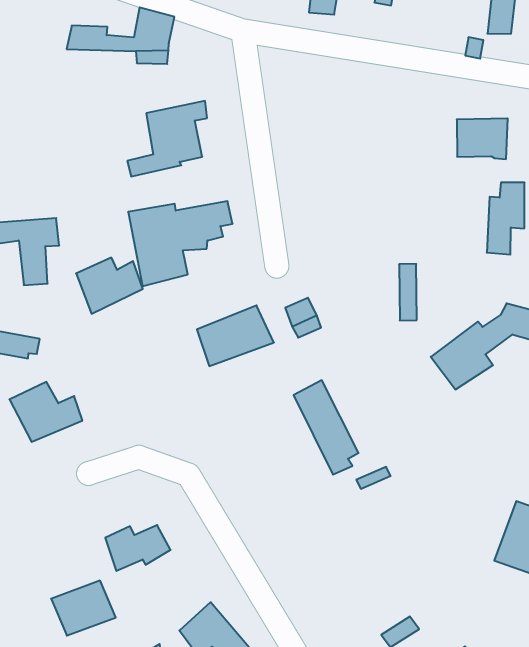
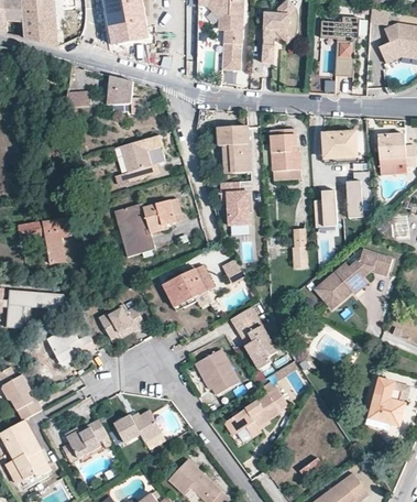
building: none -> [217,125,249,173]
building: none -> [270,133,300,176]
building: none -> [218,181,249,226]
building: none -> [314,189,338,227]
building: [76,258,143,314] -> [101,303,145,340]
building: none -> [196,350,239,395]
building: none -> [223,380,287,437]
building: [51,581,116,636] -> [68,419,111,457]

